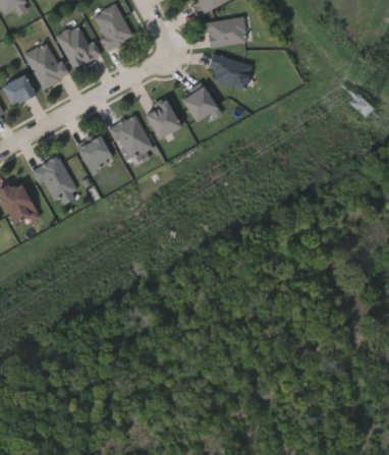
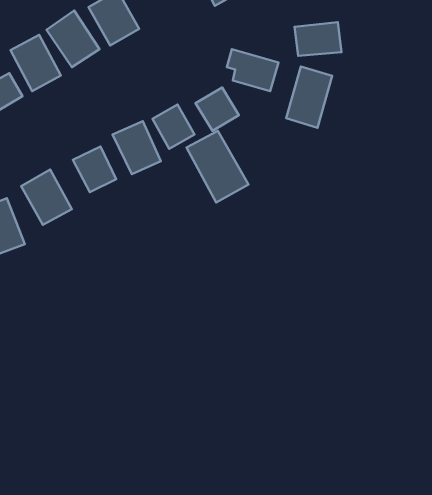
building: [207,17,246,46] -> [294,22,341,56]
building: none -> [286,66,332,128]
building: none -> [187,131,248,203]

